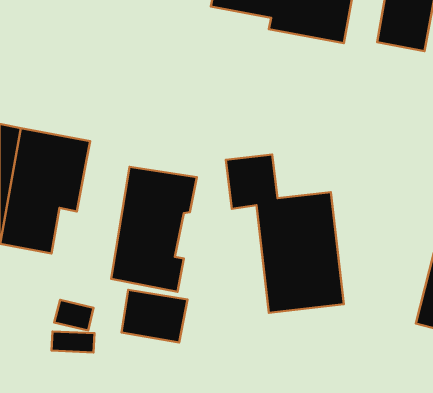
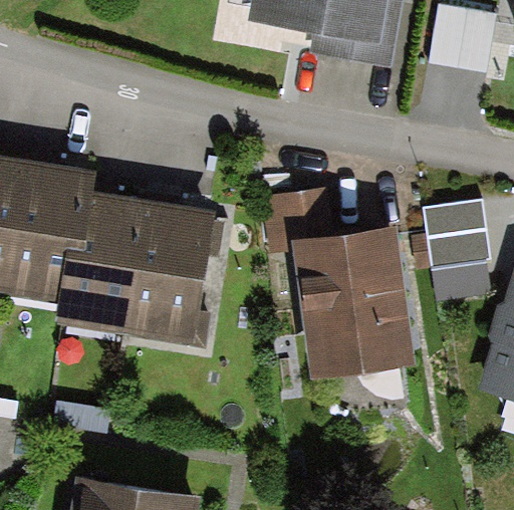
building: none -> [419,196,480,266]
building: none -> [58,198,151,334]
building: [121,290,187,343] -> none

